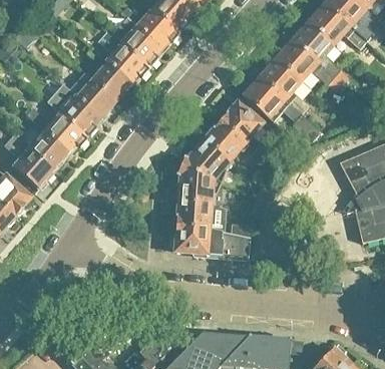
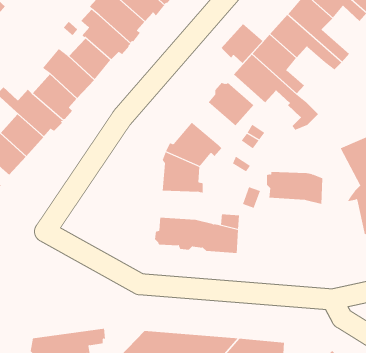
building: none -> [221,23,263,64]
building: [205,121,245,160] -> none
building: [173,203,226,233] -> [266,172,323,205]

